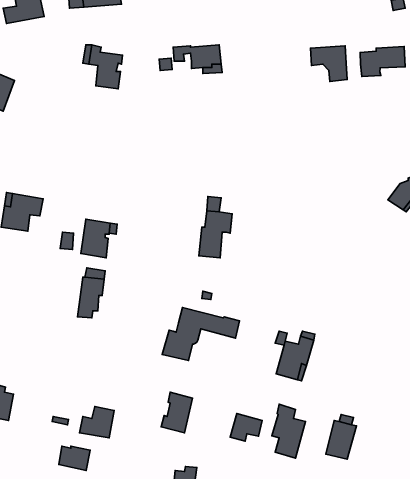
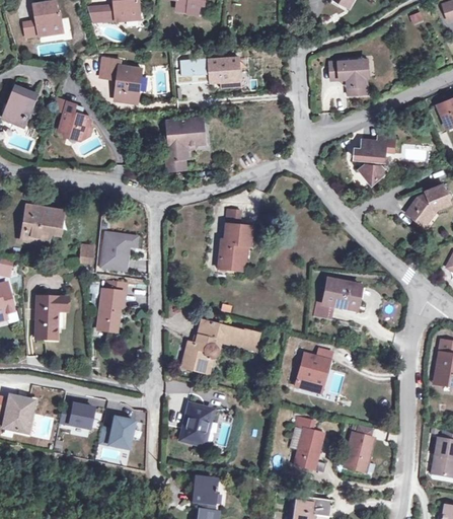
building: [360,47,405,77] -> none
building: none -> [62,99,95,140]
building: none -> [166,119,205,170]
building: none -> [355,140,386,180]
building: none -> [314,279,359,318]
building: none -> [36,297,68,340]
building: [230,413,262,441] -> none
building: [59,446,90,470] -> [61,404,92,429]

